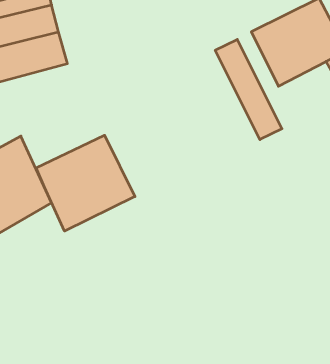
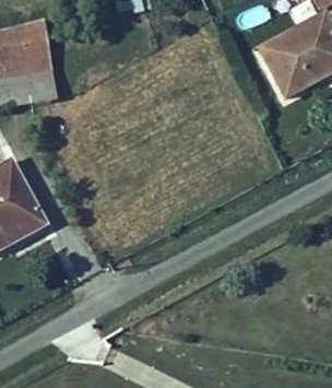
building: [215,39,282,140] -> none
building: [36,135,135,231] -> none

